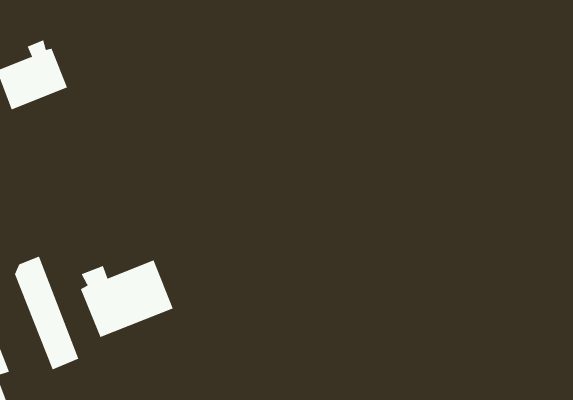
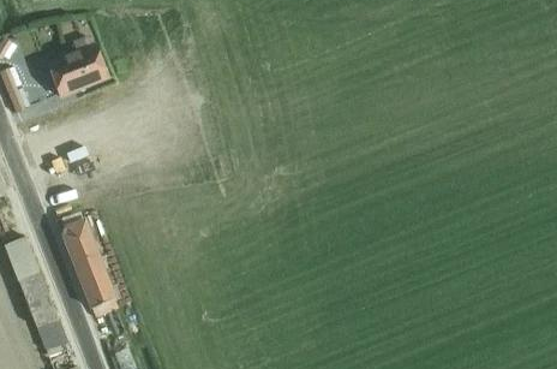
building: [80,260,174,338] -> none

